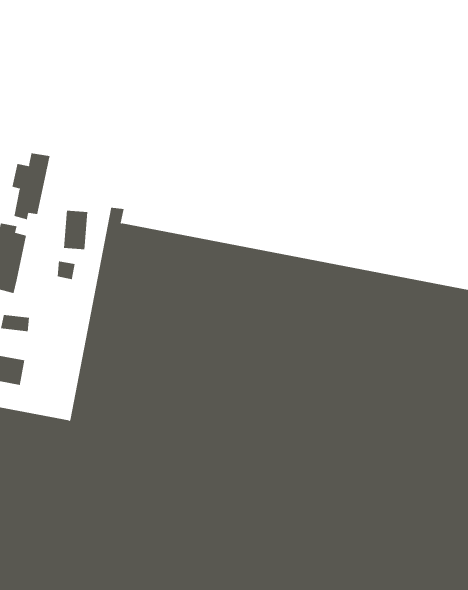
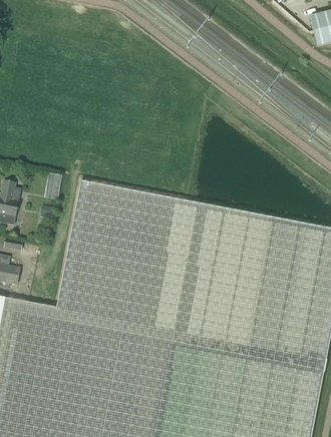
building: [12,153,50,220] -> none

